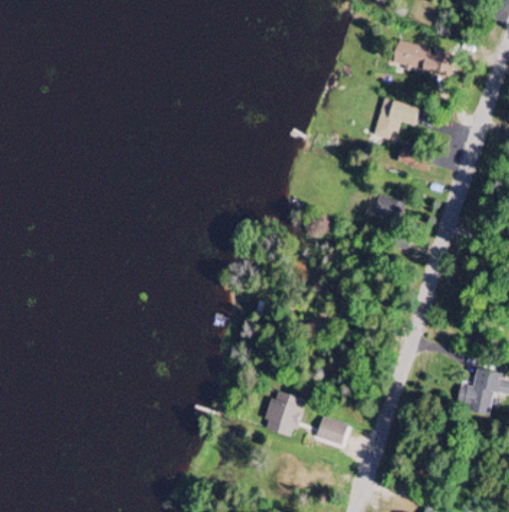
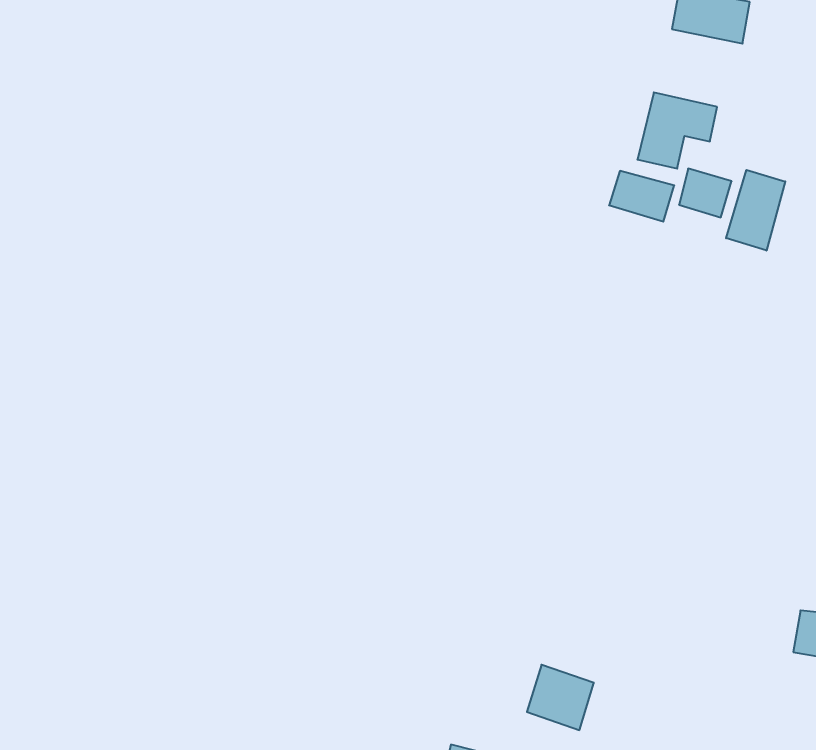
building: none -> [726,170,785,251]
building: [370,194,407,222] -> [609,171,674,222]
building: [265,387,307,437] -> none

